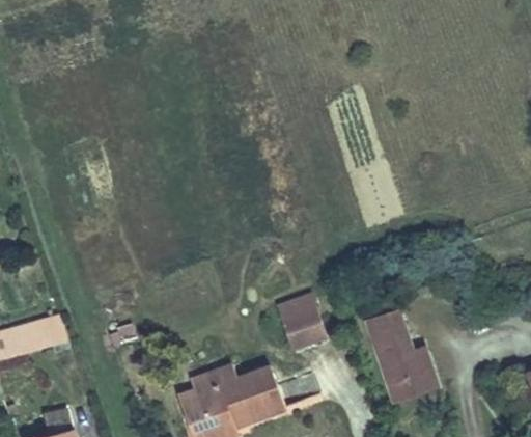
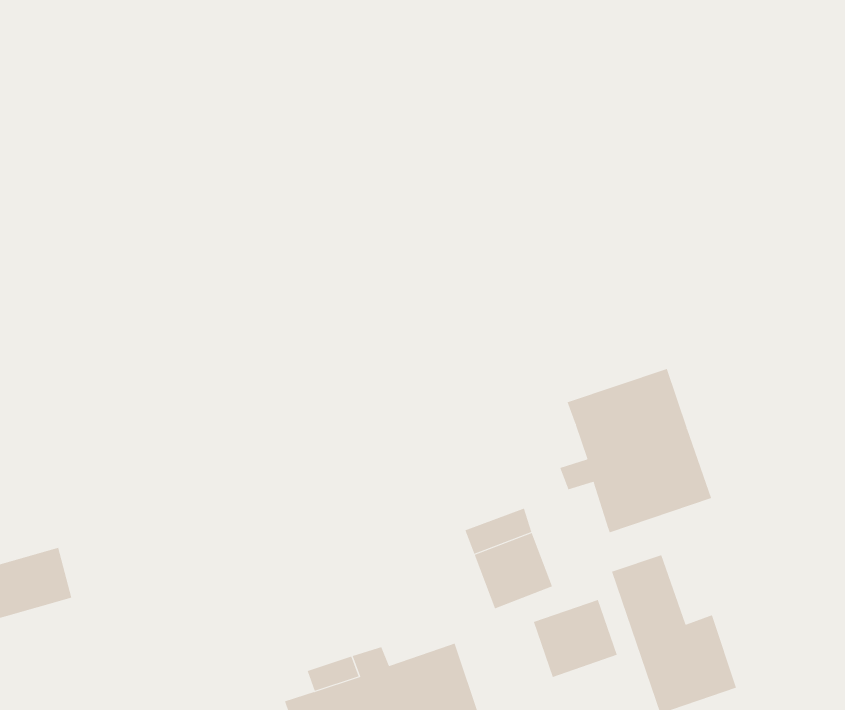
building: none -> [560,368,712,533]
building: none -> [533,599,617,678]

